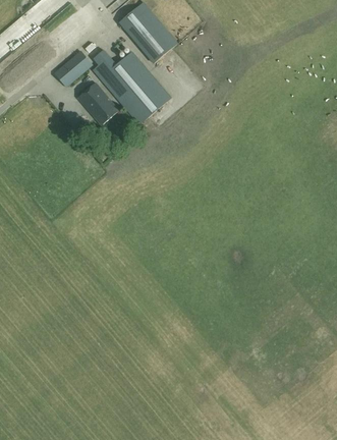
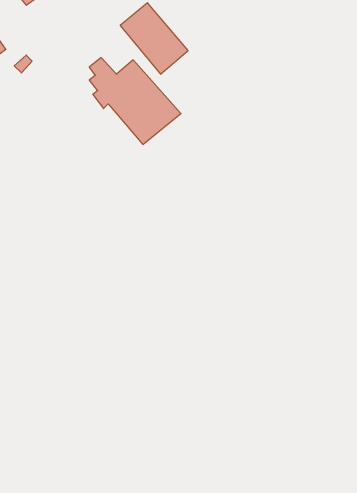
building: [54,51,92,87] -> none
building: [77,81,119,125] -> none

